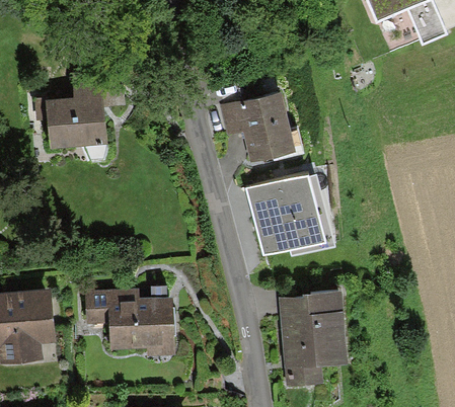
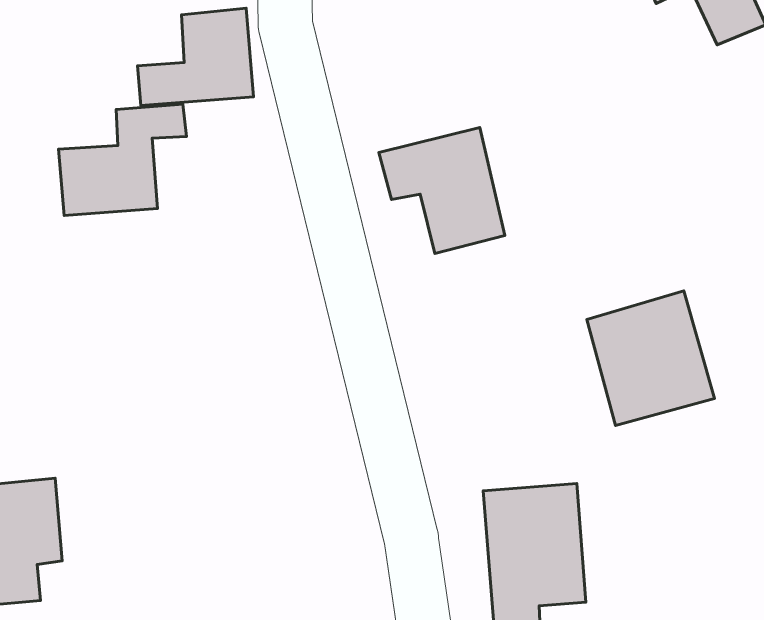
building: none -> [137,8,253,106]
building: [249,178,321,254] -> [587,291,714,426]
building: [83,291,168,342] -> none

